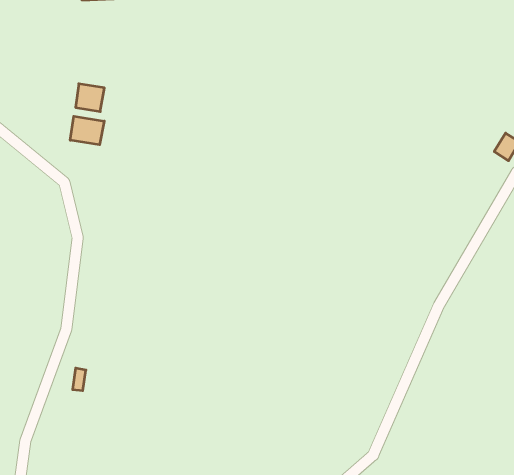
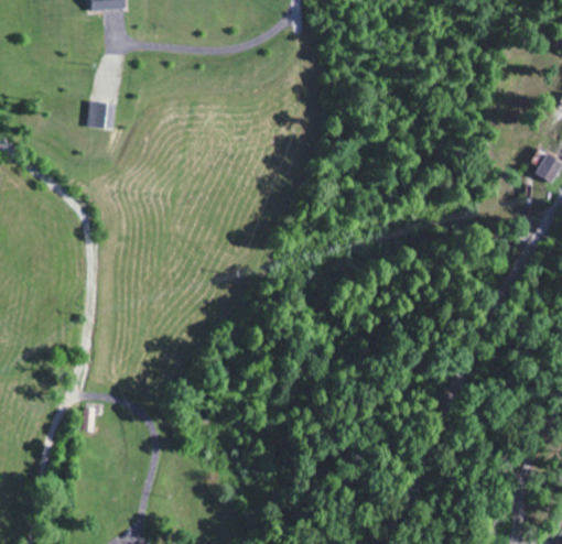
building: [70,116,104,145] -> none

